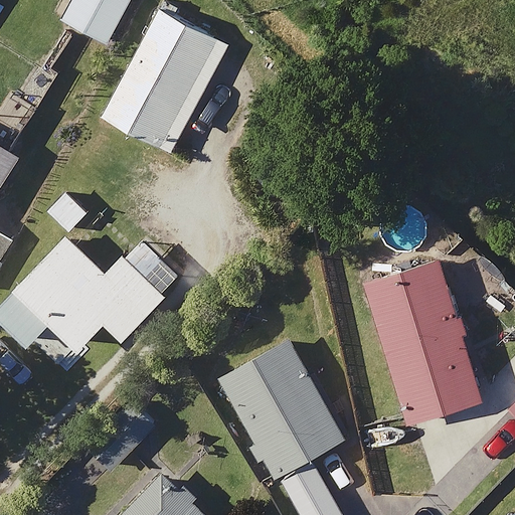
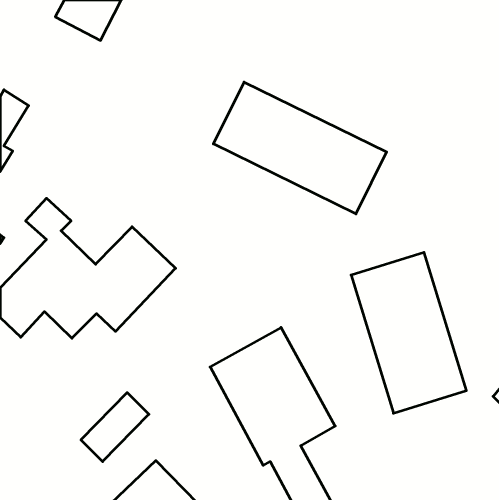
building: [103,14,223,153] -> none
building: none -> [213,82,387,214]

